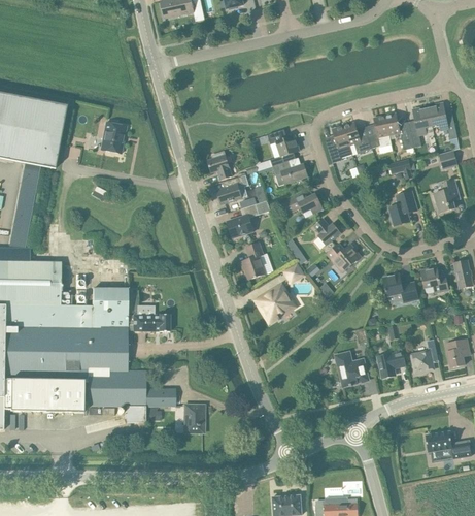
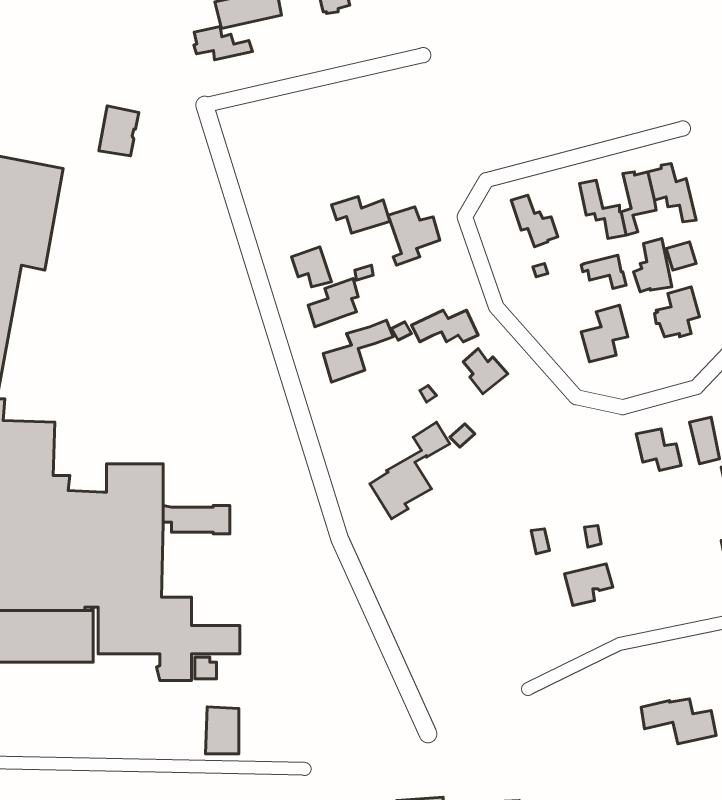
building: none -> [194,26,253,60]
building: [368,115,392,148] -> [633,239,672,292]
building: [101,122,126,153] -> [99,106,139,156]
building: [327,125,352,162] -> none
building: [272,160,308,183] -> [332,196,390,233]
building: [241,241,265,279] -> none
building: [326,244,361,271] -> none
building: [383,273,417,301] -> none
building: [411,338,437,374] -> none
building: [445,338,469,366] -> none
building: [335,351,368,386] -> none
building: [183,404,204,432] -> [206,707,239,754]

